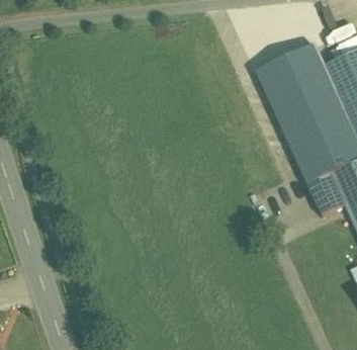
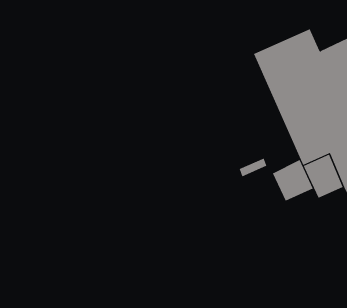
building: none -> [272,159,313,201]

